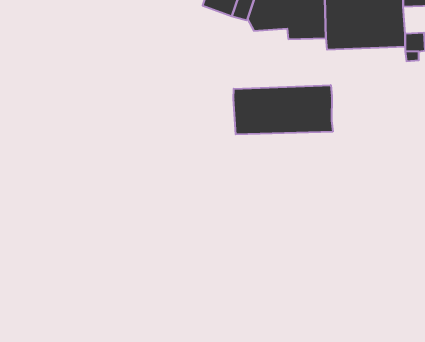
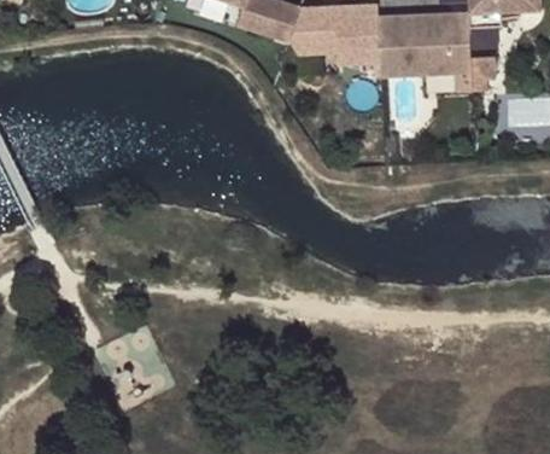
building: [234,85,333,134] -> none

